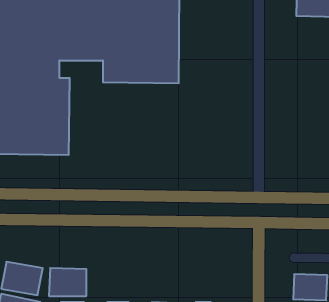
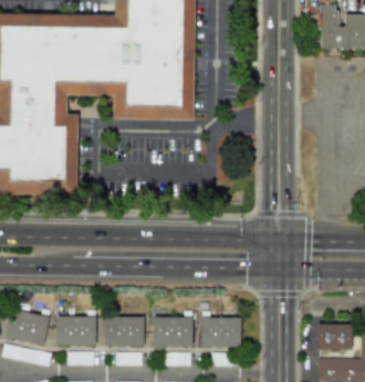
building: none -> [103,316,145,347]
building: none -> [154,317,194,347]
building: none -> [201,317,241,347]

